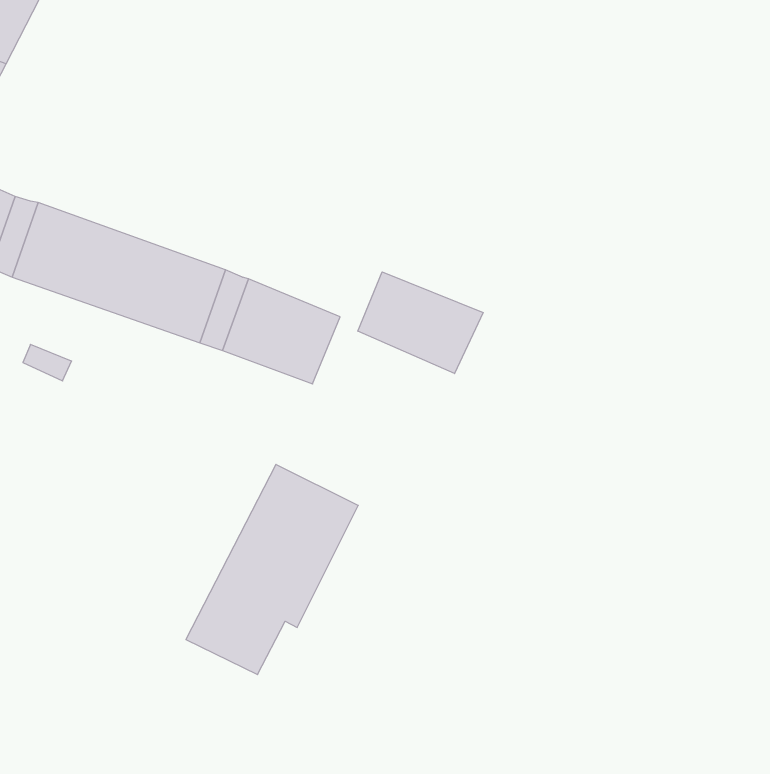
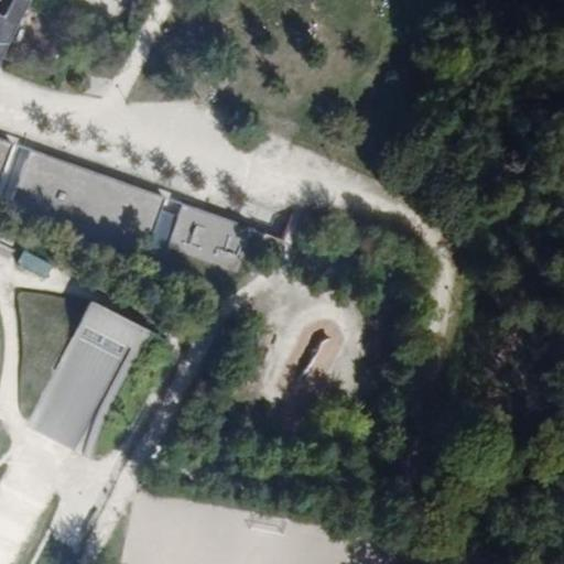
building: [358,272,483,374] -> none
building: [186,464,358,675] -> [25,299,150,451]

